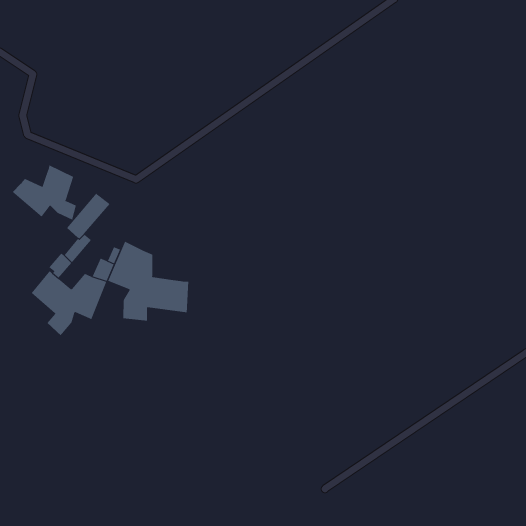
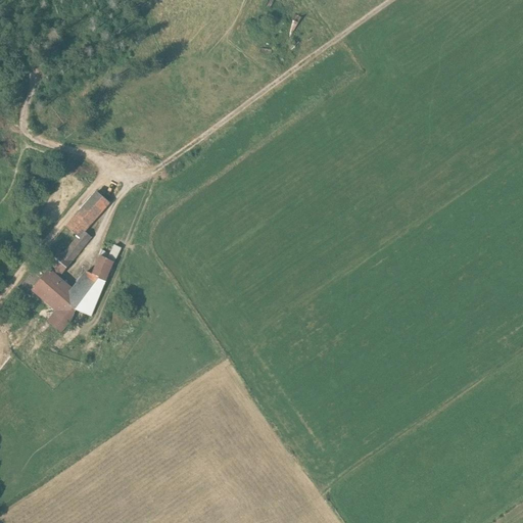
building: [12,164,77,221] -> none
building: [107,241,189,321] -> none

